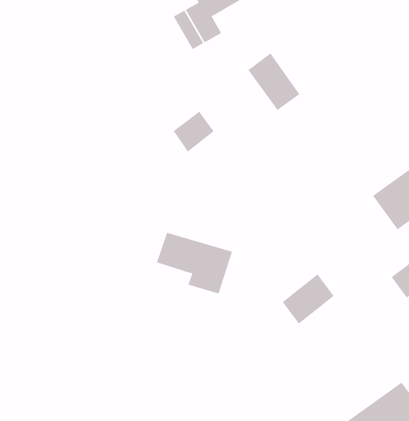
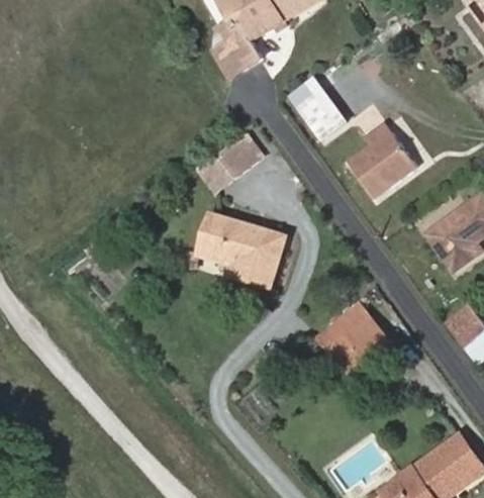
building: none -> [349,131,416,198]
building: [156,232,233,294] -> [200,216,284,284]

